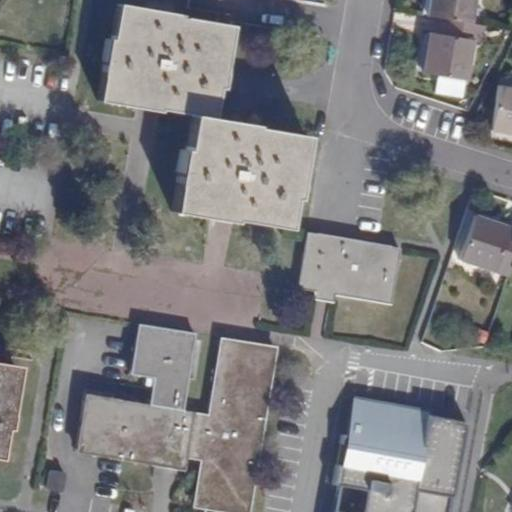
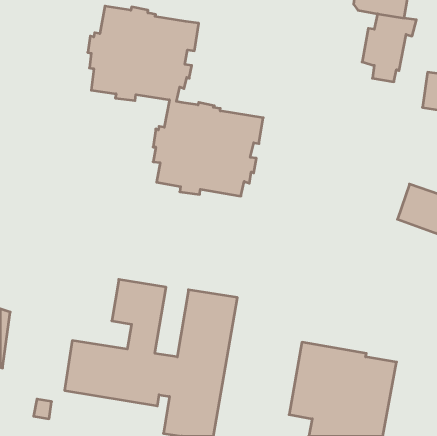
building: [300,228,400,302] -> none

